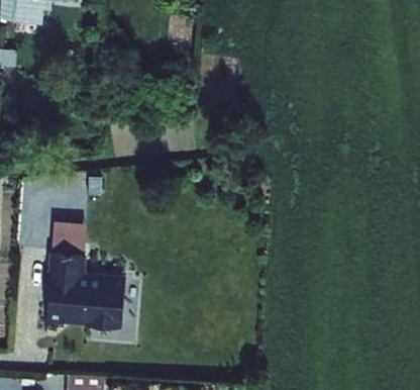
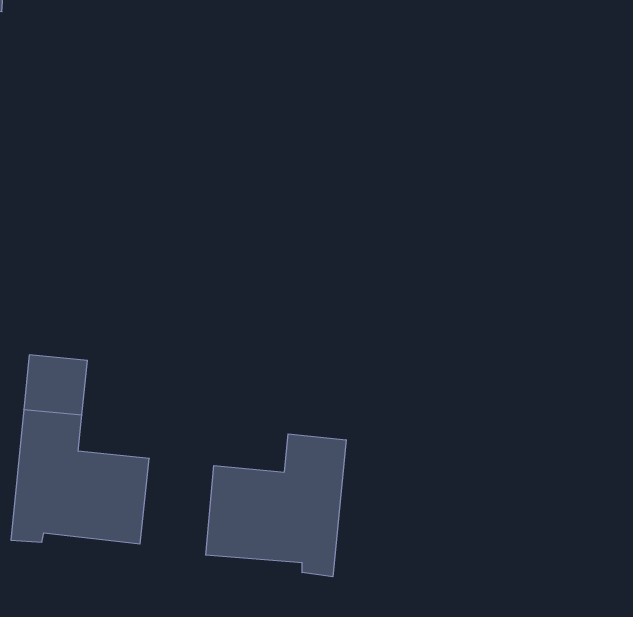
building: none -> [206,434,346,577]

